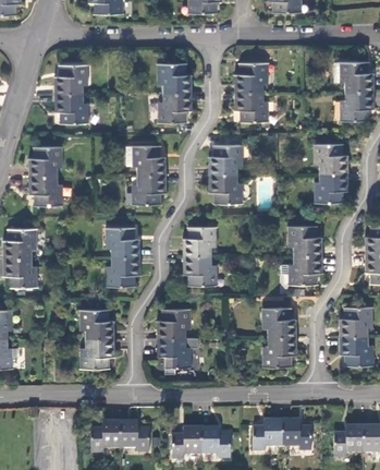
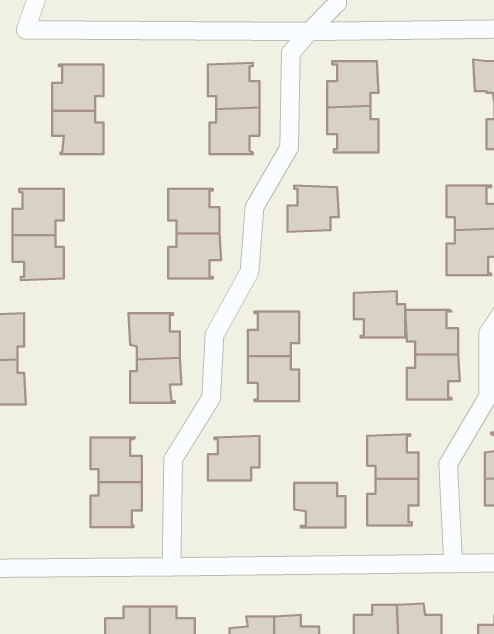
building: [209,172,243,203] -> [354,291,405,337]
building: [157,337,191,366] -> [294,483,346,528]

